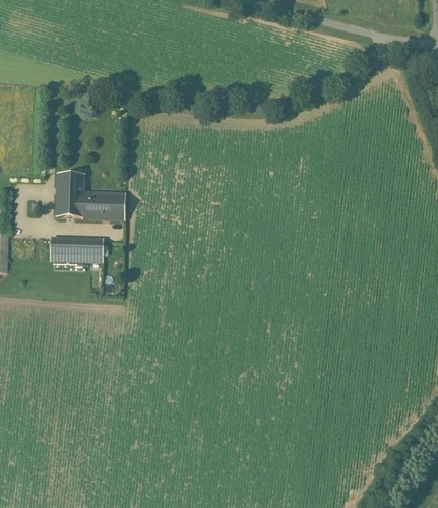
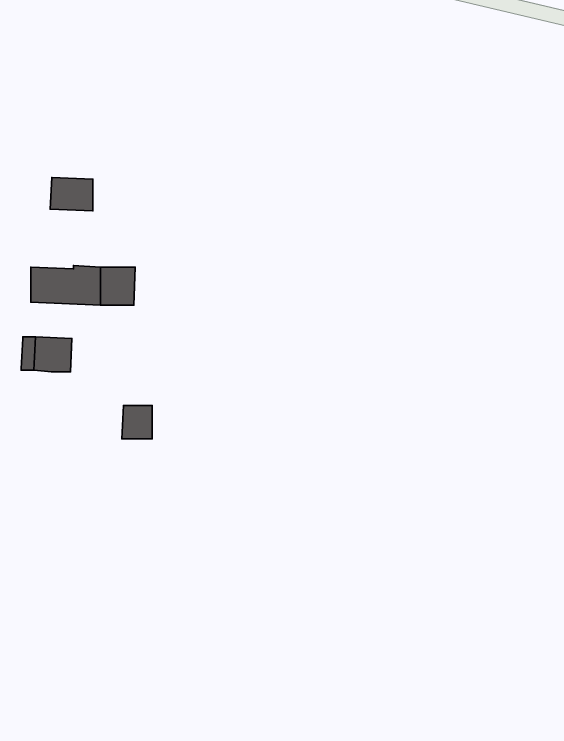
building: [57,174,84,195] -> [50,177,93,211]
building: [82,240,102,261] -> [122,406,152,439]

